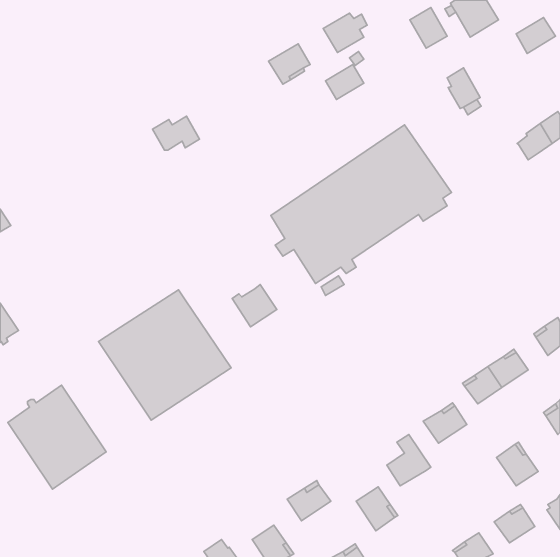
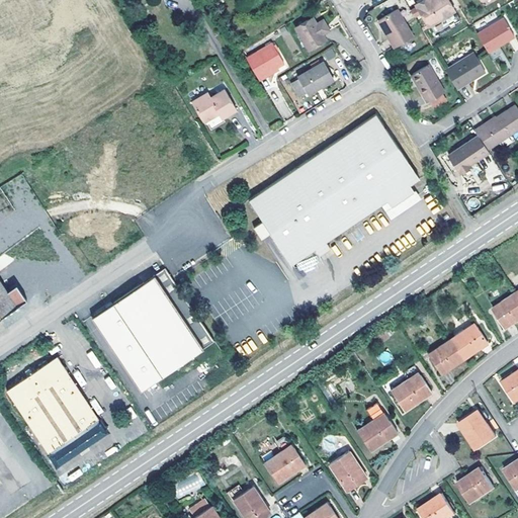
building: none -> [444,53,485,89]
building: [152,116,200,150] -> [194,89,238,120]
building: none -> [449,136,490,176]
building: [232,285,277,327] -> none

